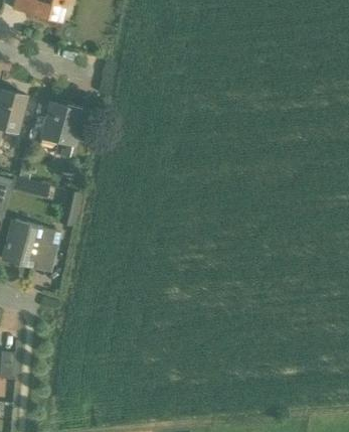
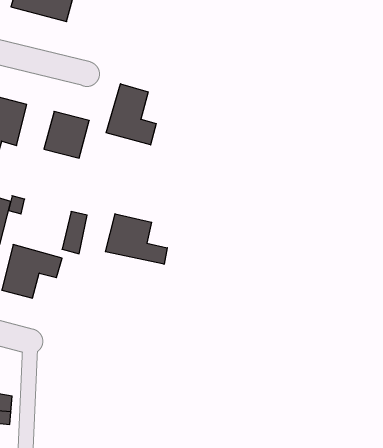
building: none -> [106,84,156,145]
building: none -> [105,214,167,264]

